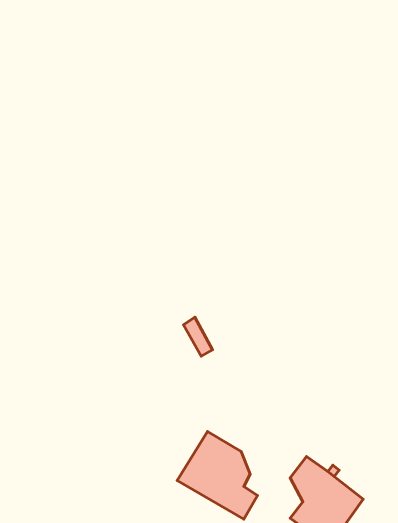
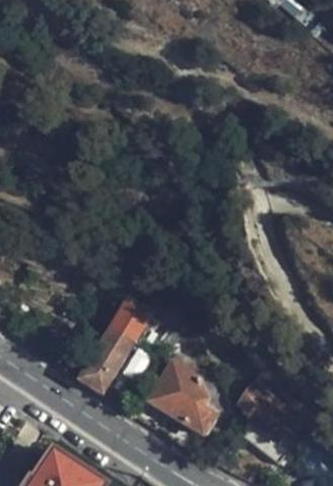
building: none -> [78,299,155,392]

